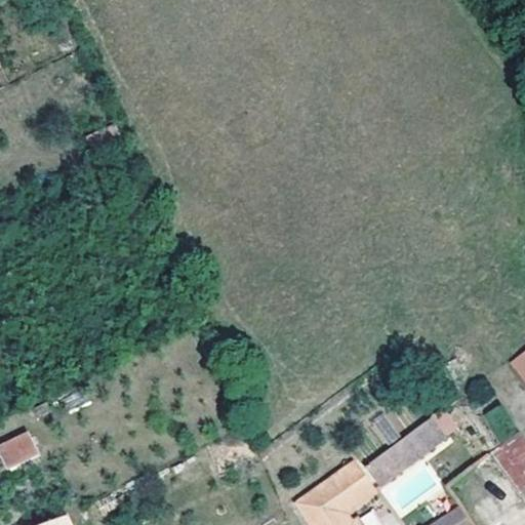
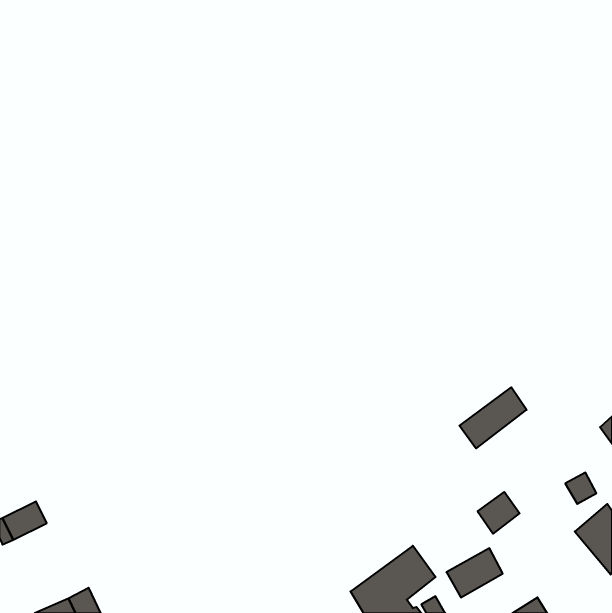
building: [364,437,421,489] -> [459,387,527,448]

